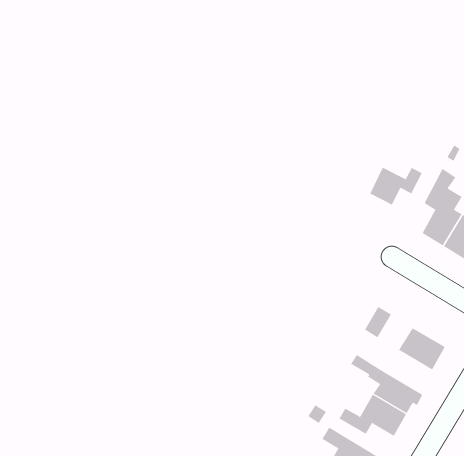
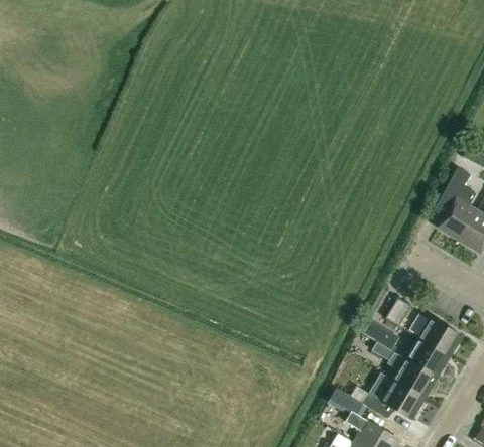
building: [369,167,423,206] -> none
building: none -> [364,320,400,351]
building: none -> [405,338,450,379]

